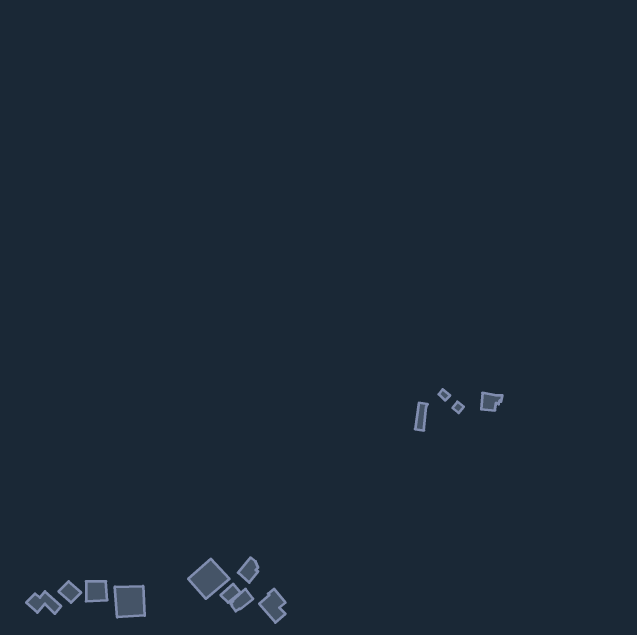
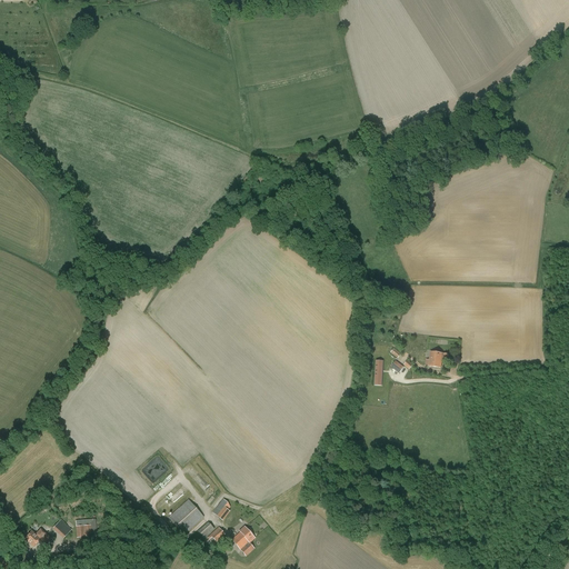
building: [115,586,145,617] -> none

